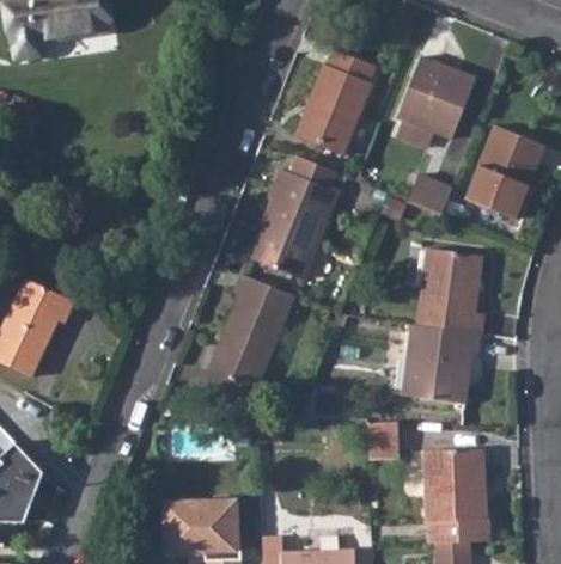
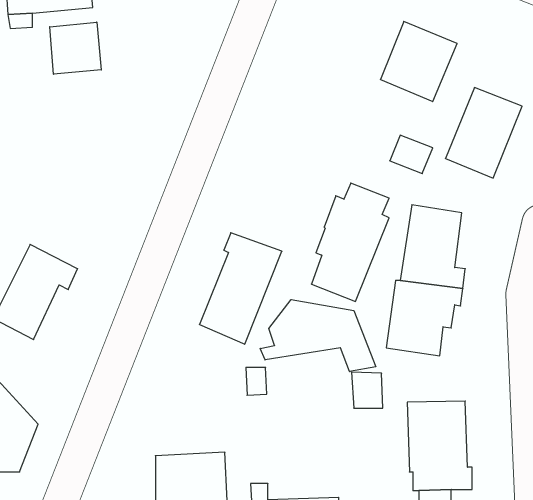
building: [300,50,374,157] -> none
building: none -> [50,22,101,74]
building: [255,157,335,278] -> [311,183,389,301]
building: none -> [260,300,376,372]

